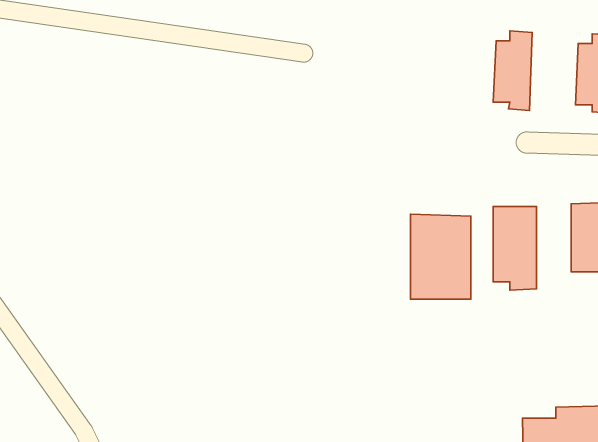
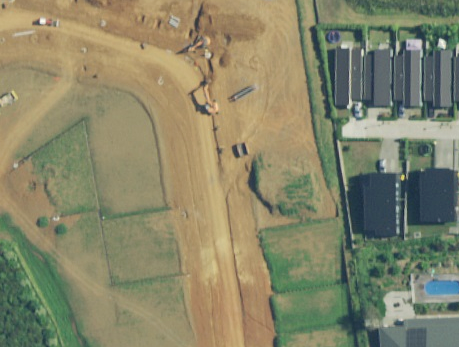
building: none -> [393,48,421,105]
building: none -> [335,49,363,104]
building: [410,214,471,299] -> none

